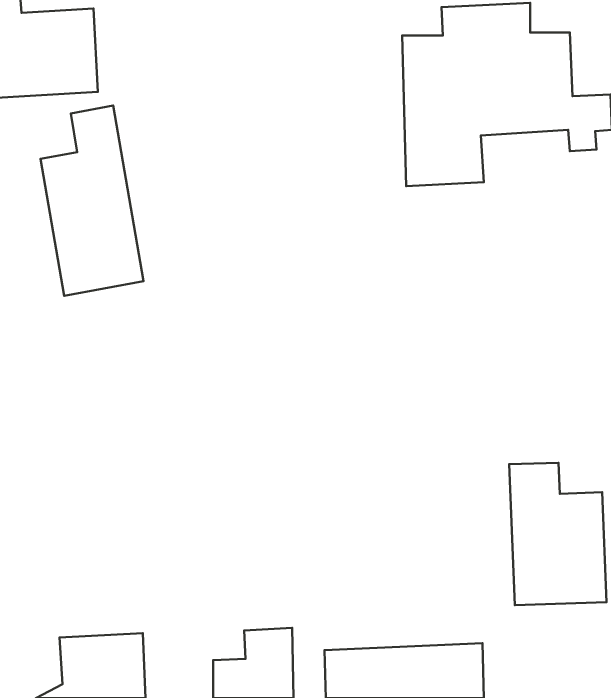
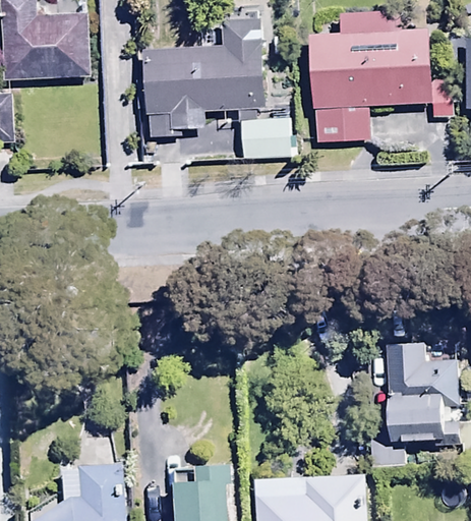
building: none -> [131,19,289,159]
building: [41,106,143,296] -> none

